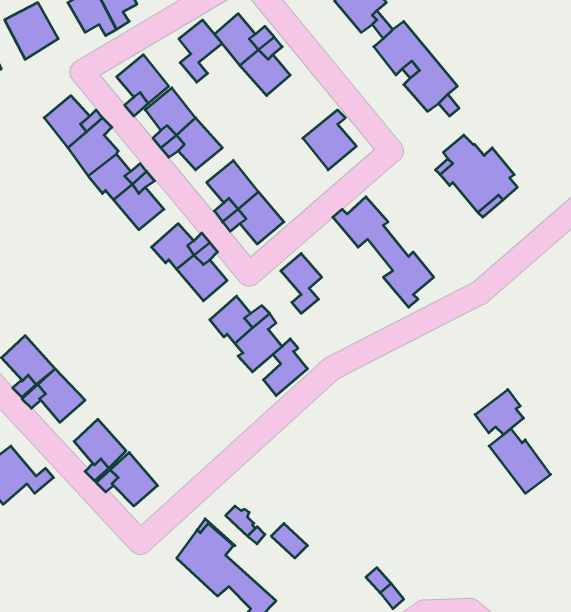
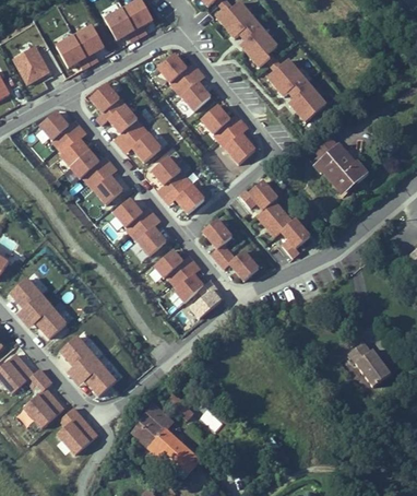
building: [179,20,222,82] -> none
building: none -> [200,104,242,140]
building: none -> [217,251,259,280]
building: [475,389,524,435] -> none
building: none -> [22,375,63,427]
building: none -> [57,406,97,454]

